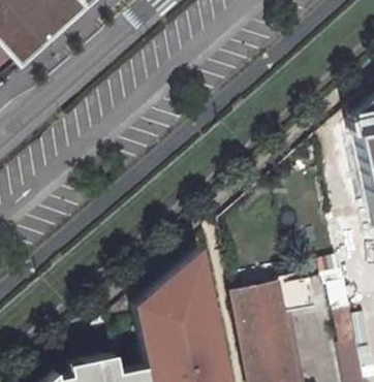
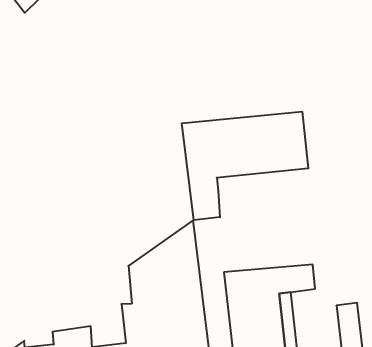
building: none -> [182,112,308,220]

